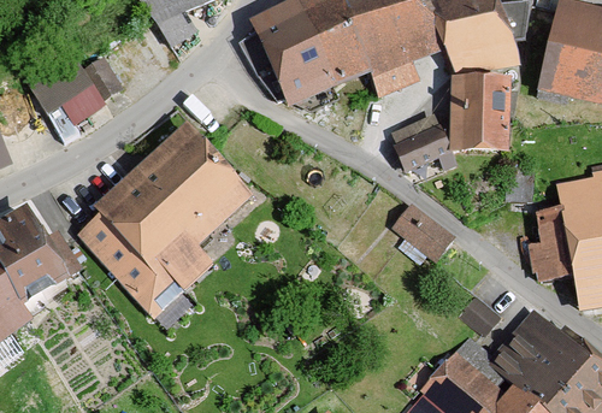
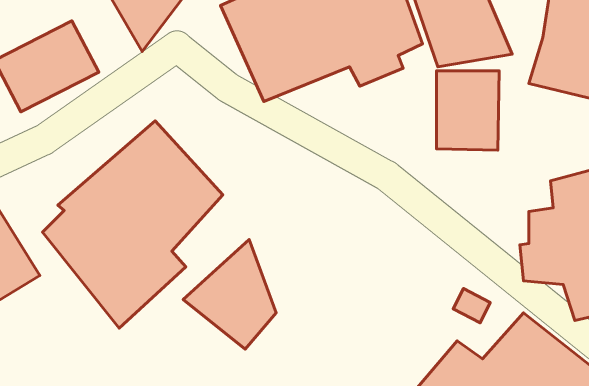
building: [393,124,450,171] -> none
building: [389,203,456,261] -> none
building: none -> [183,239,276,349]

